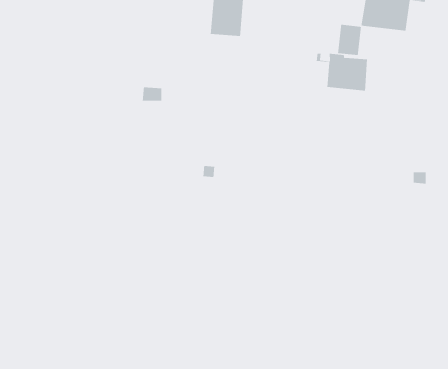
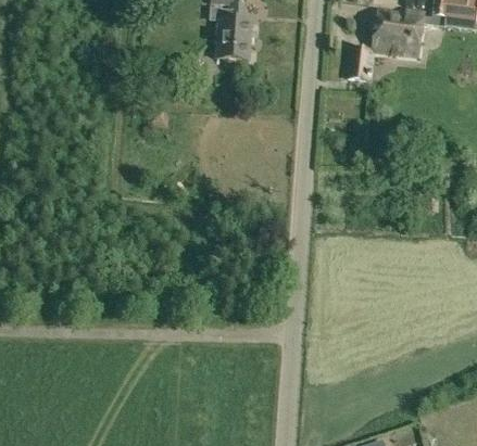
building: [316,53,368,92] -> none

